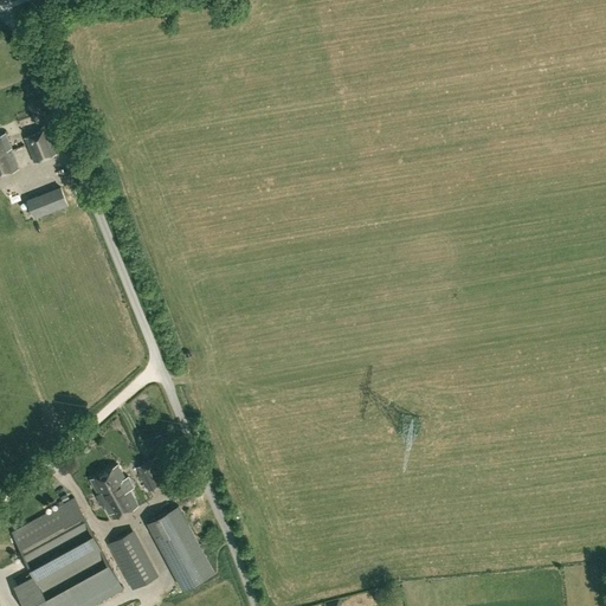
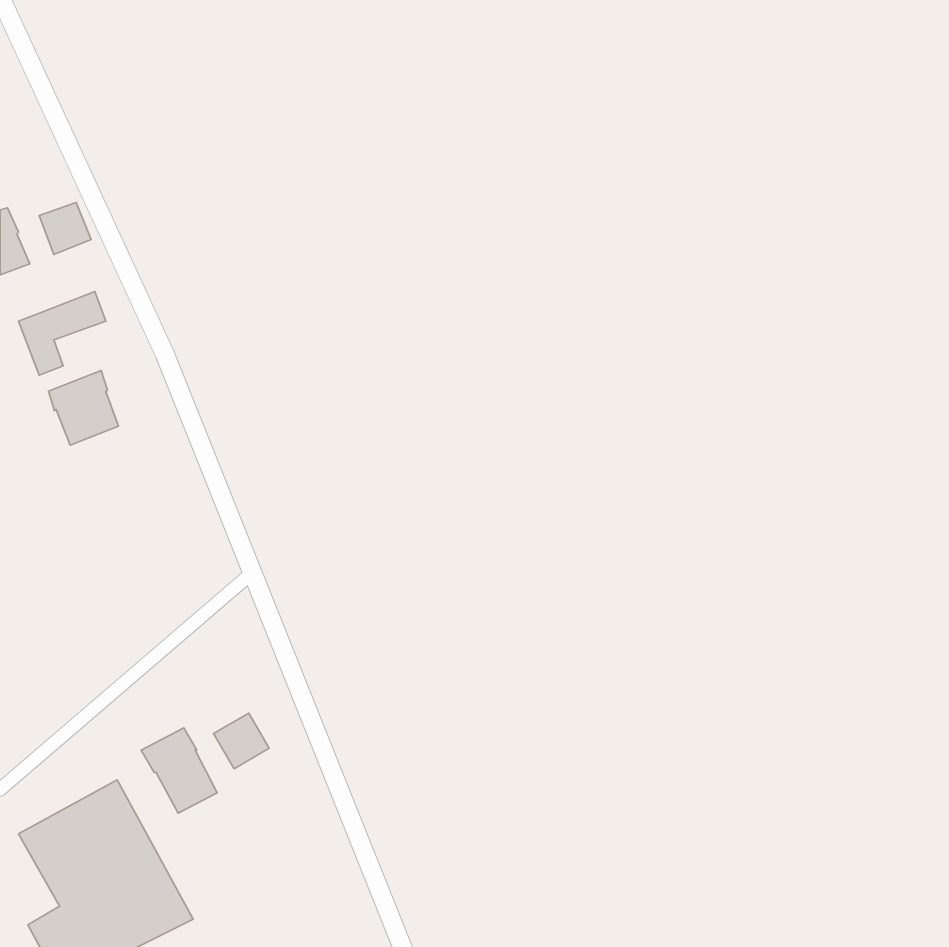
building: none -> [48,370,119,445]
building: [146,508,211,591] -> none
building: [108,530,159,591] -> none

